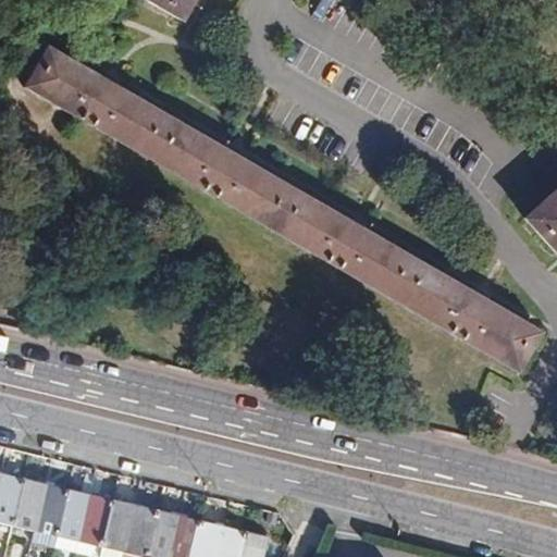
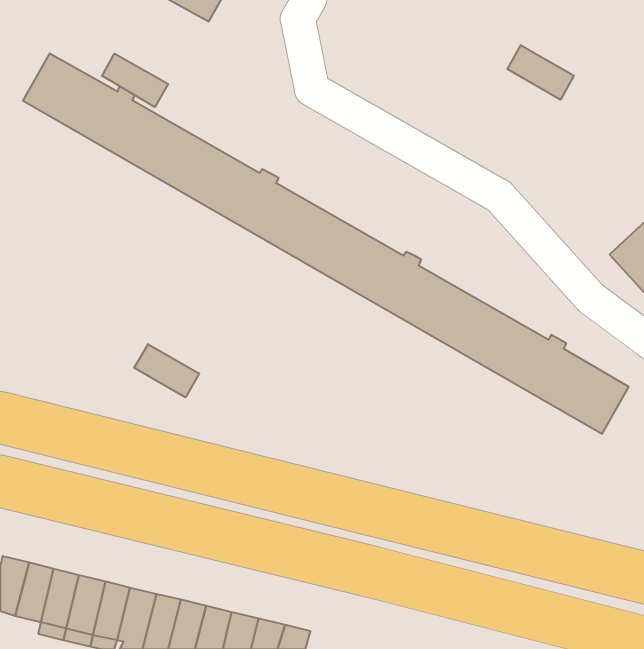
building: none -> [507,45,574,100]
building: none -> [102,54,168,107]
building: none -> [134,344,199,397]

